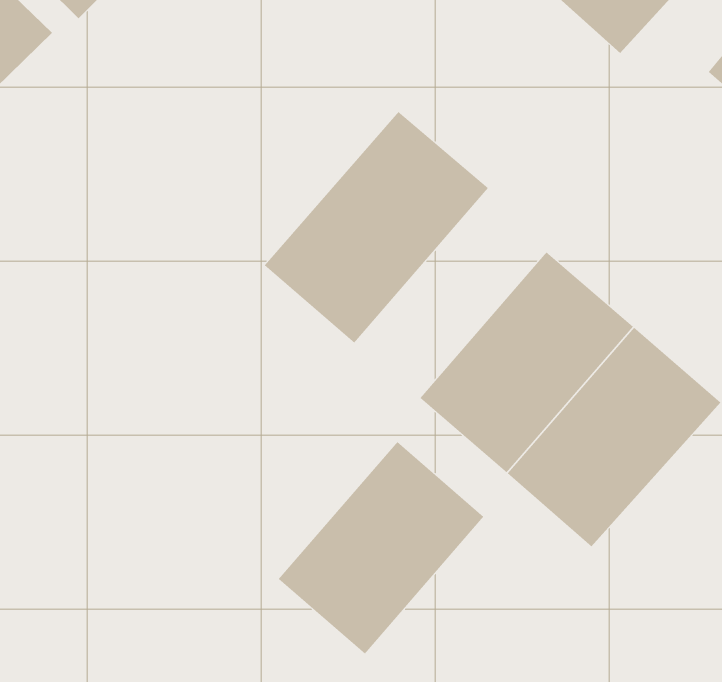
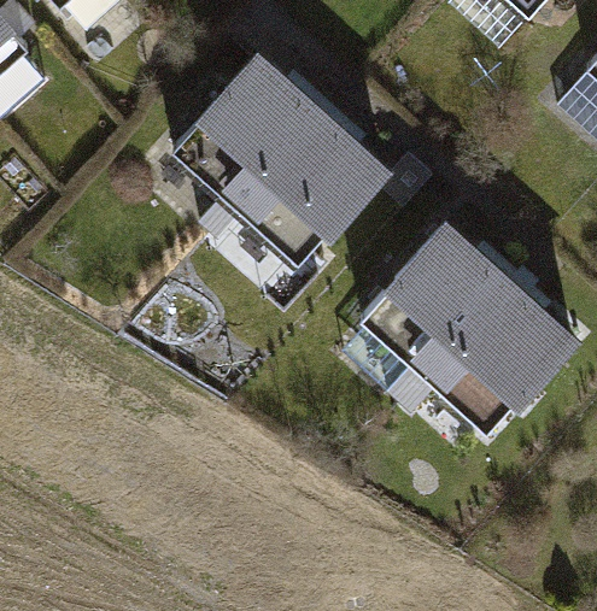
building: none -> [146,42,328,229]
building: [278,441,484,654] -> none

